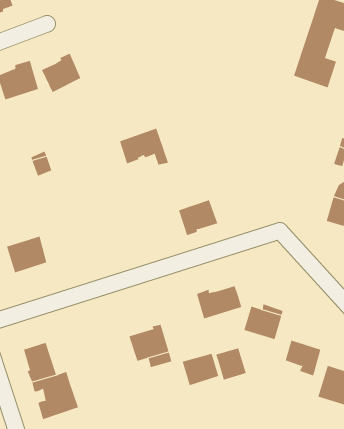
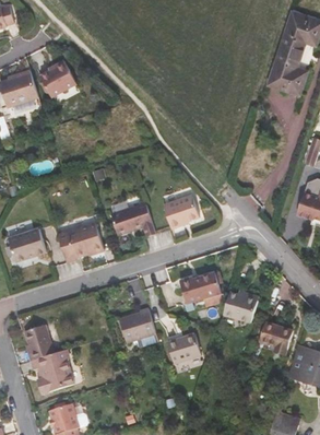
building: [119,128,169,165] -> [110,201,155,235]
building: none -> [58,222,103,261]
building: [215,347,246,380] -> none

